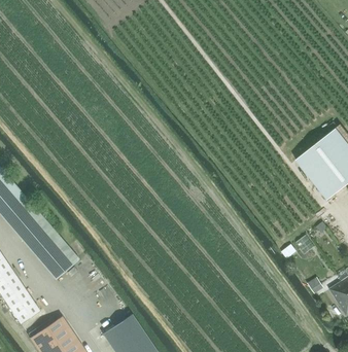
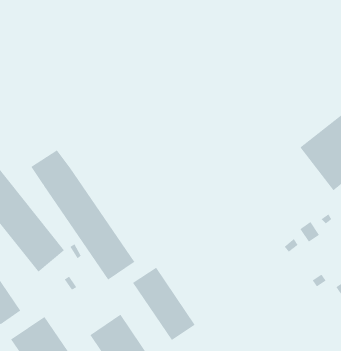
building: none -> [31,150,135,280]
building: none -> [132,267,196,341]

